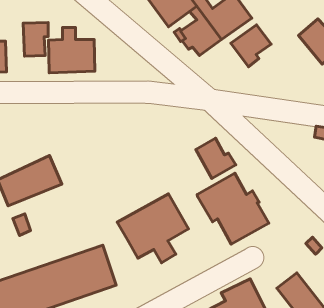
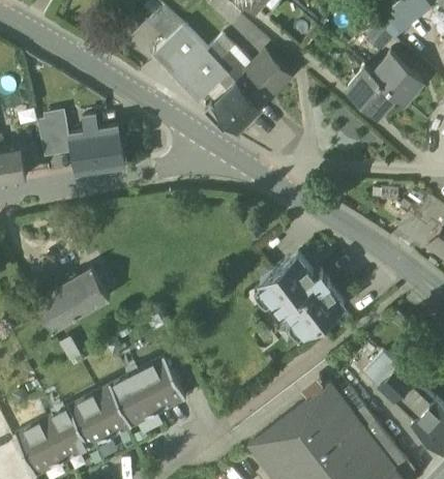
building: [231,25,271,67] -> none
building: [196,138,236,178] -> none
building: [117,194,188,263] -> none

